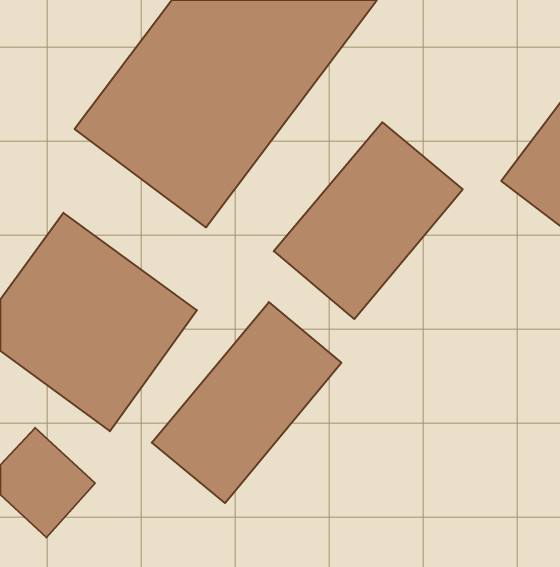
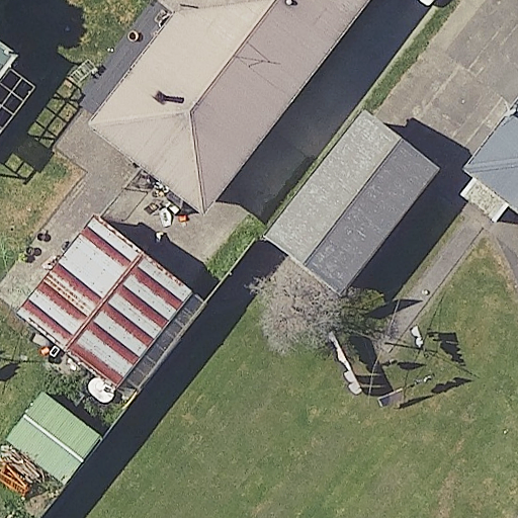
building: [152,302,341,503] -> none

